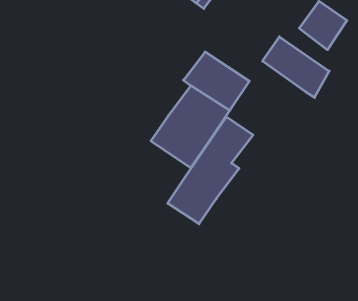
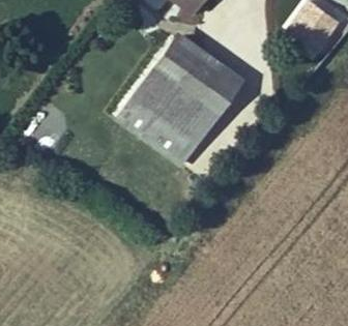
building: [263,37,329,98] -> none
building: [168,117,253,224] -> [116,36,198,139]

